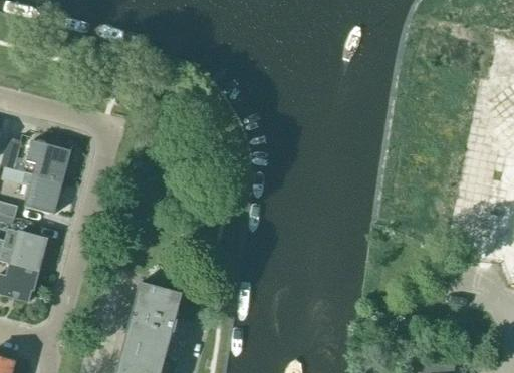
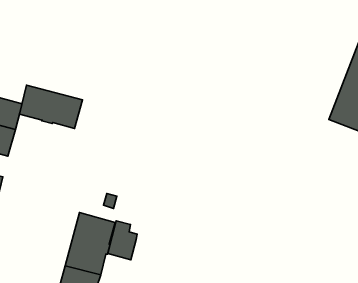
building: none -> [19,85,82,129]
building: none -> [108,221,137,260]

